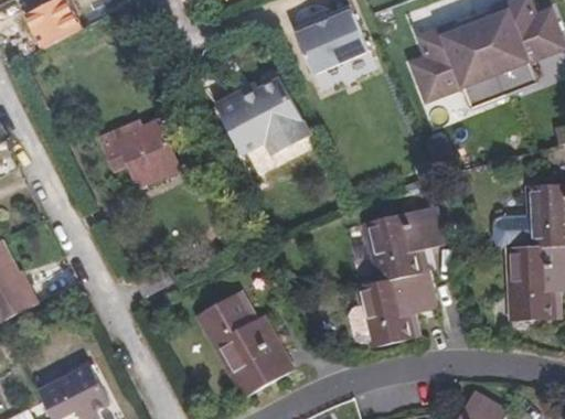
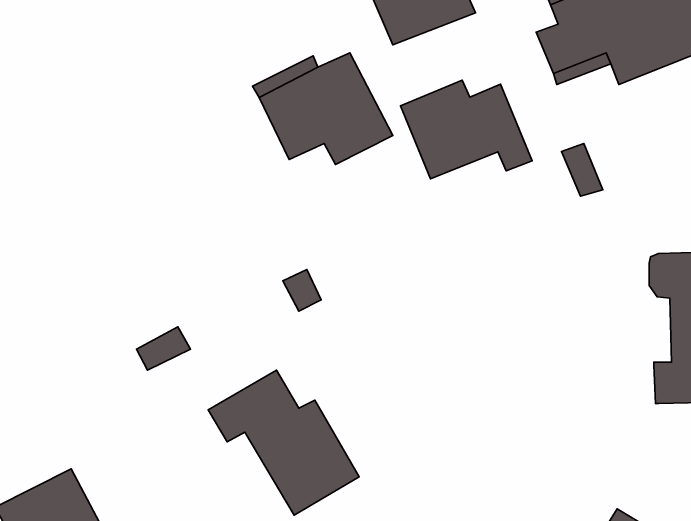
building: none -> [400,80,532,179]
building: [103,123,178,186] -> none
building: [354,210,444,350] -> none

